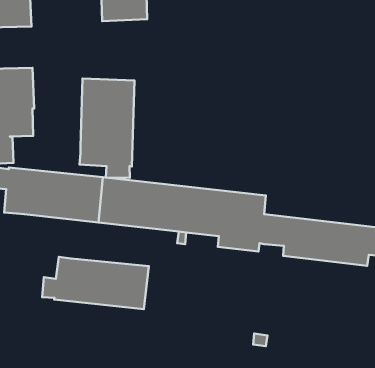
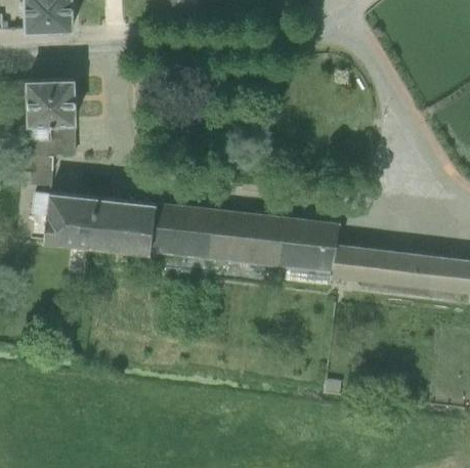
building: [79,79,135,178] -> none
building: [42,257,149,309] -> none

